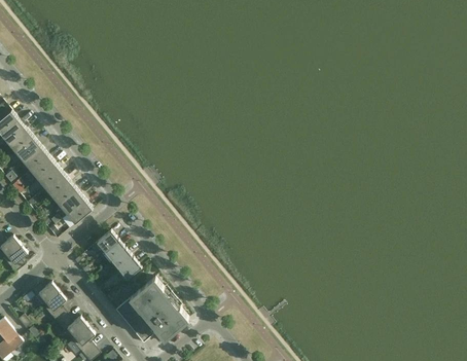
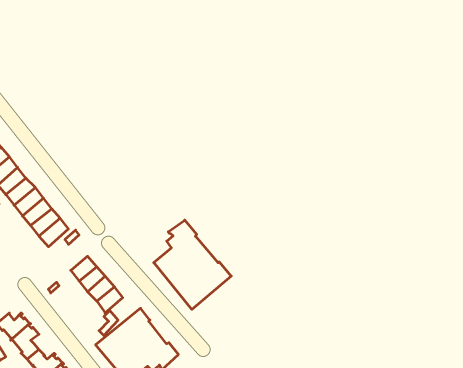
building: none -> [154,220,231,309]

